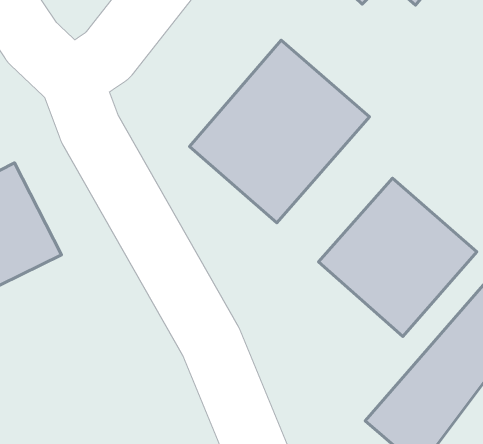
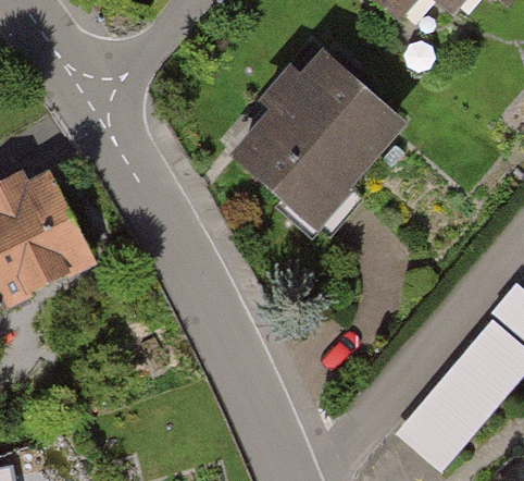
building: [318,178,477,337] -> none

